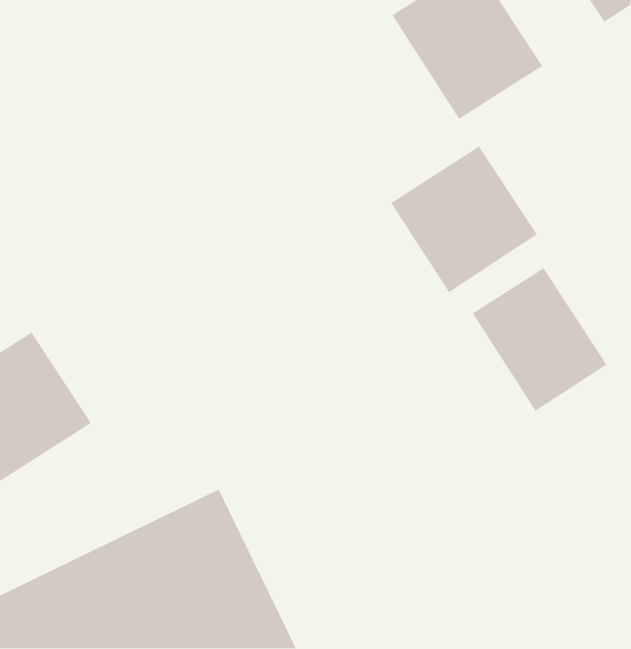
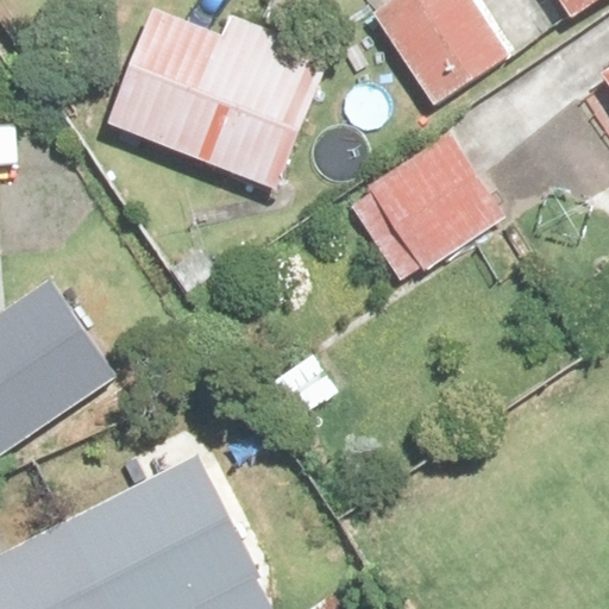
building: none -> [102,8,329,189]
building: [472,267,608,412] -> none

